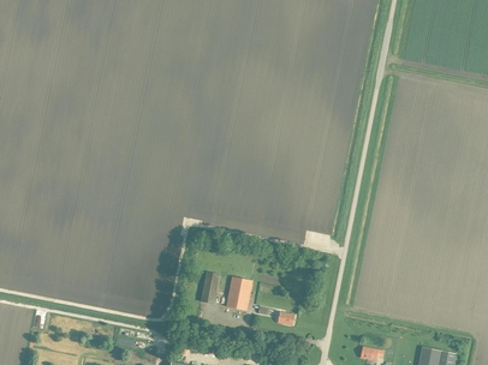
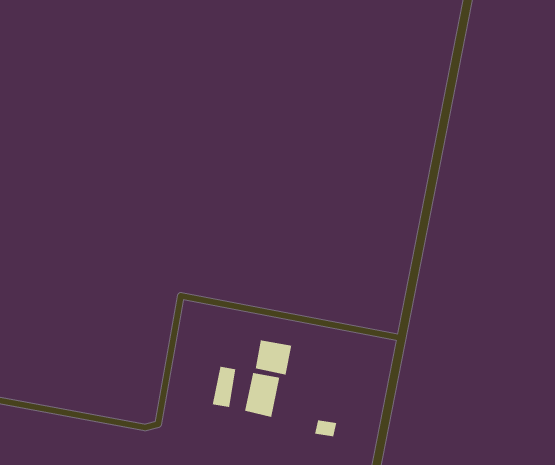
building: none -> [255,339,292,376]

